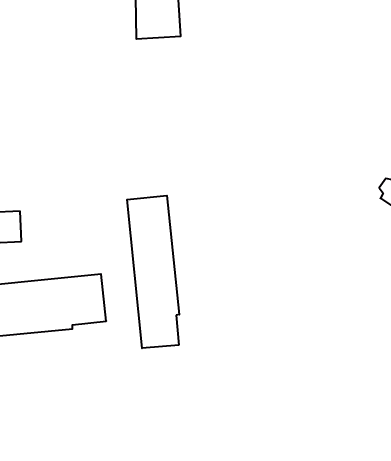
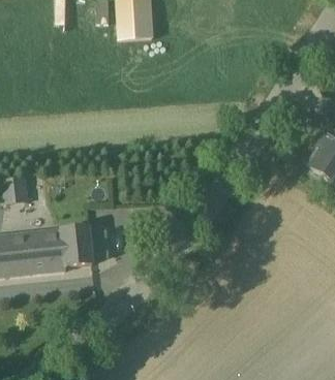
building: [127,196,179,348] -> none

